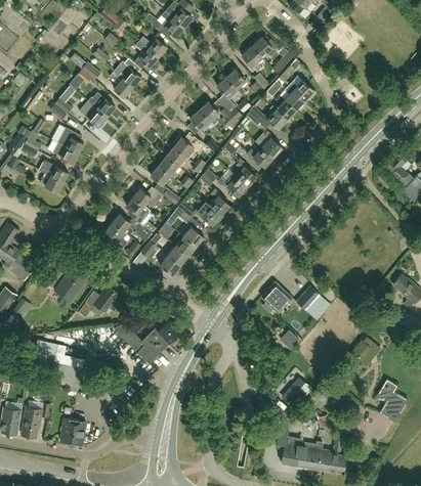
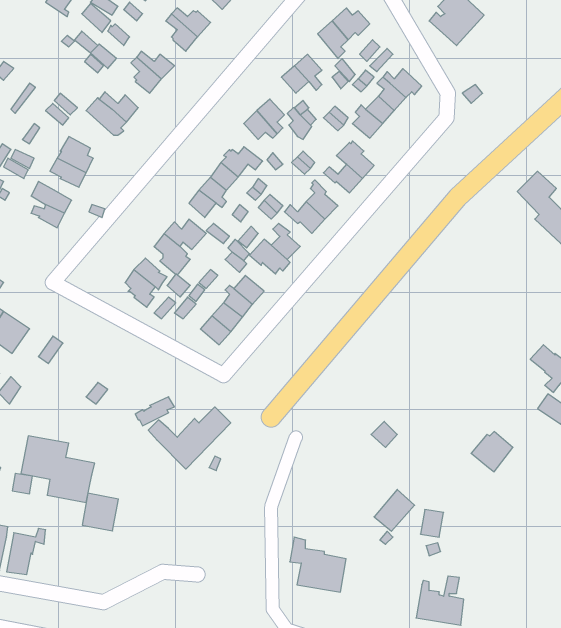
building: [54,267,87,302] -> none
building: [261,282,292,313] -> none
building: [296,285,330,320] -> none
building: [94,286,122,312] -> none
building: [378,380,409,421] -> none
building: [60,418,86,445] -> [82,493,118,531]
building: [276,430,315,469] -> [290,537,346,592]

